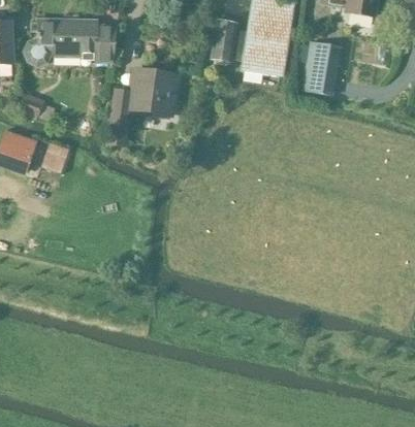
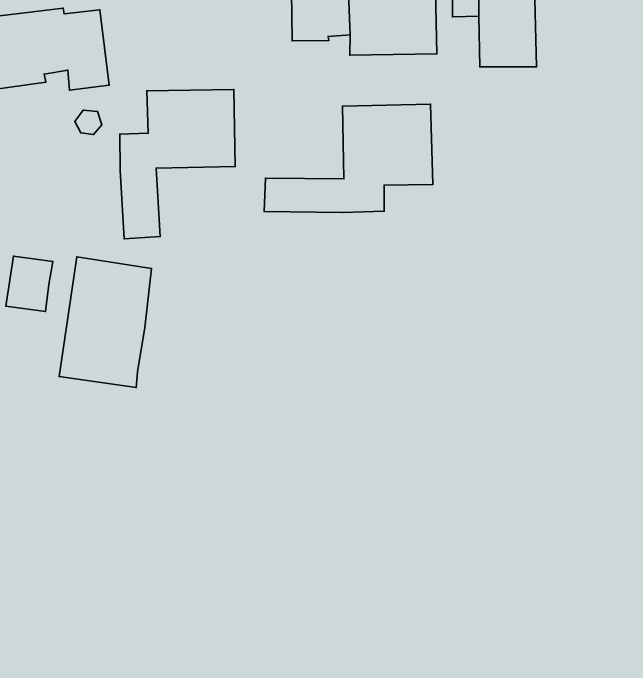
building: none -> [264,104,433,212]
building: none -> [59,257,152,387]

